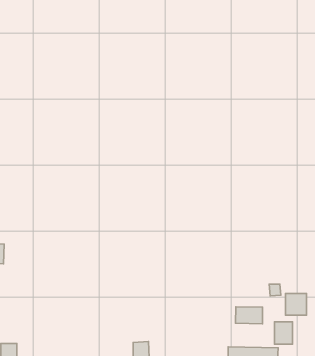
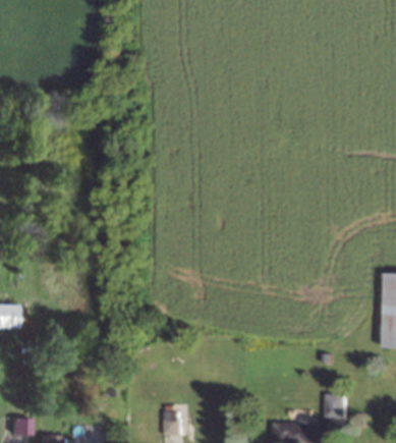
building: [286,294,306,315] -> none
building: [235,307,263,324] -> none

